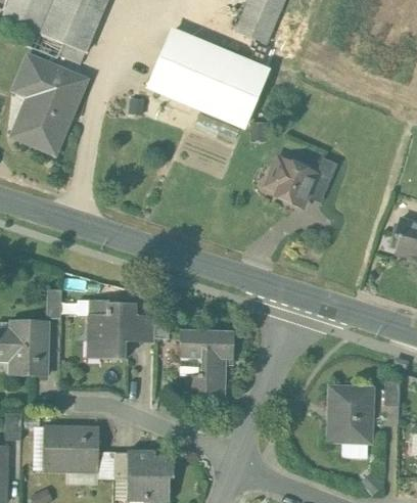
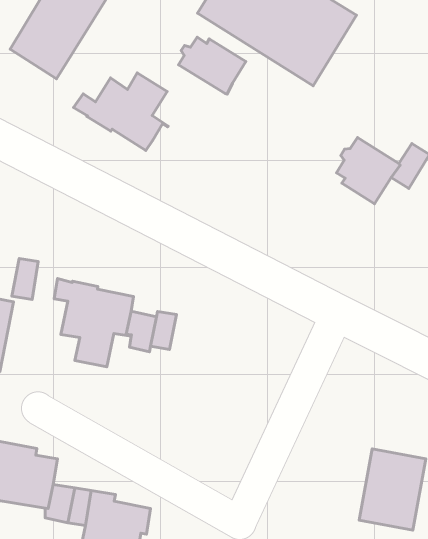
building: none -> [179,37,246,94]
building: none -> [73,73,168,150]
building: [180,329,234,396] -> none

